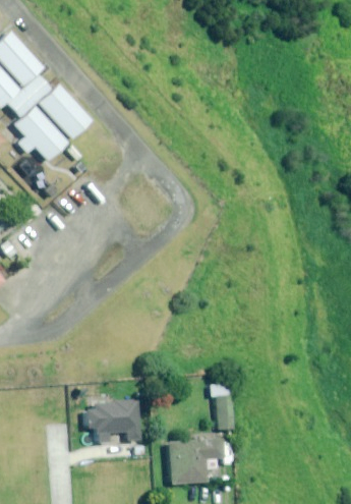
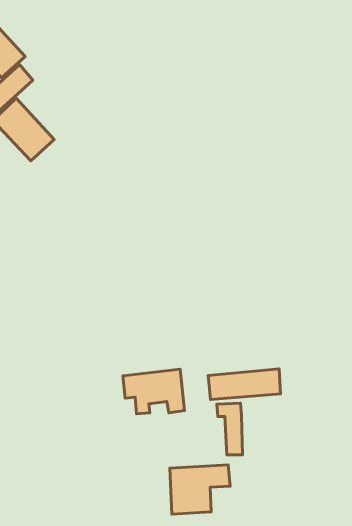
building: [35,83,91,141] -> none
building: none -> [208,369,281,400]
building: [89,400,144,441] -> [123,369,185,414]

